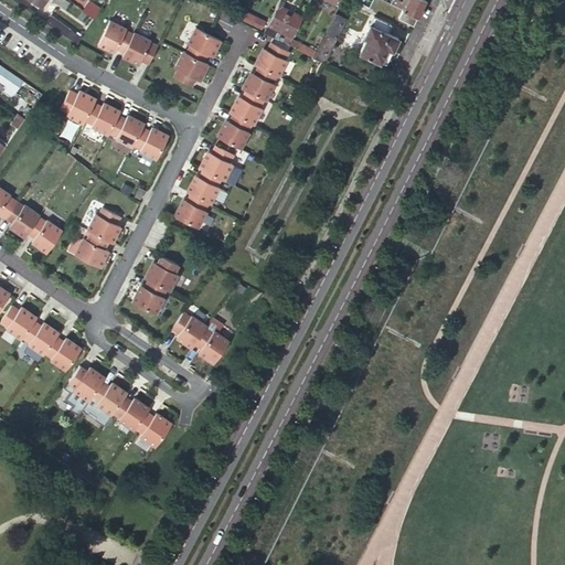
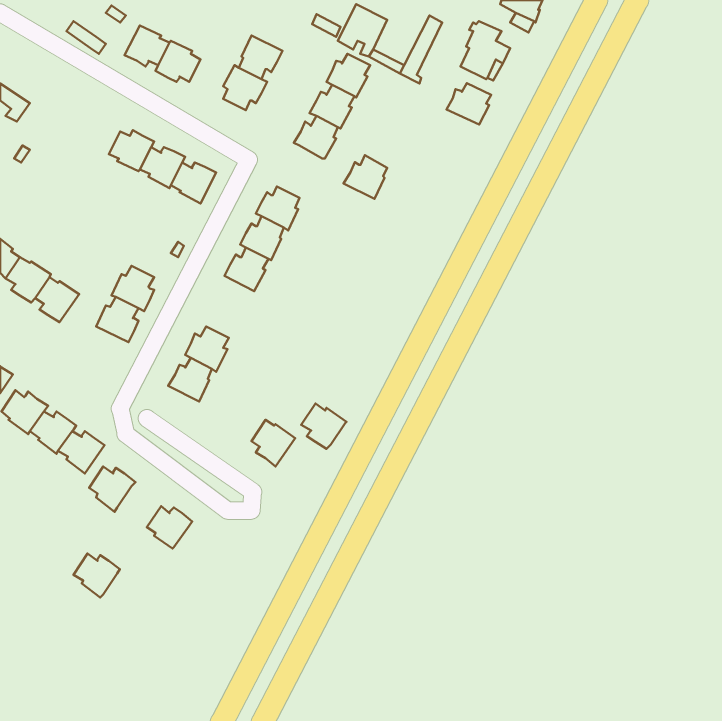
building: none -> [446,83,491,124]
building: [61,90,96,125] -> none
building: [217,115,252,149] -> [344,155,387,199]
building: [173,313,209,349] -> [301,404,346,449]
building: [92,381,128,415] -> [73,554,120,597]
building: [136,412,173,447] -> none

